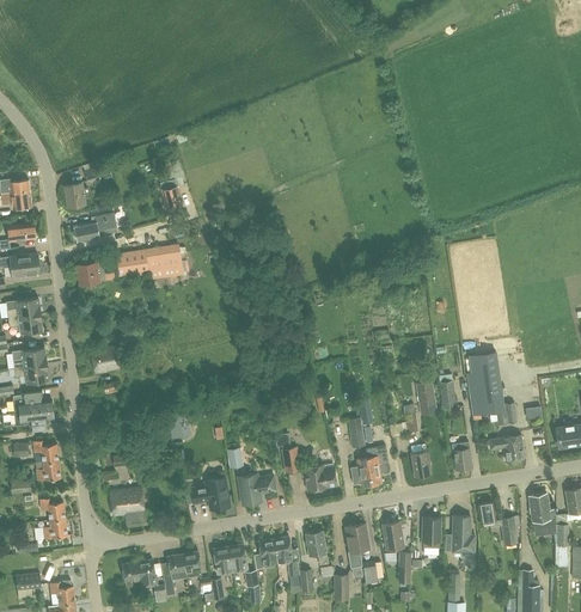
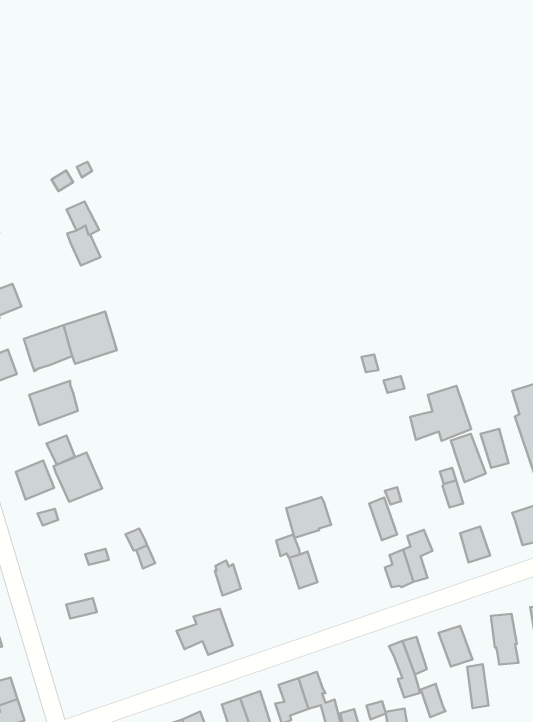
building: none -> [29,381,78,425]
building: none -> [410,386,471,441]
building: none -> [53,453,102,502]
building: [305,463,336,489] -> [286,497,331,538]
building: [238,473,276,503] -> none
building: [110,486,145,524] -> none
building: [305,530,328,563] -> none

